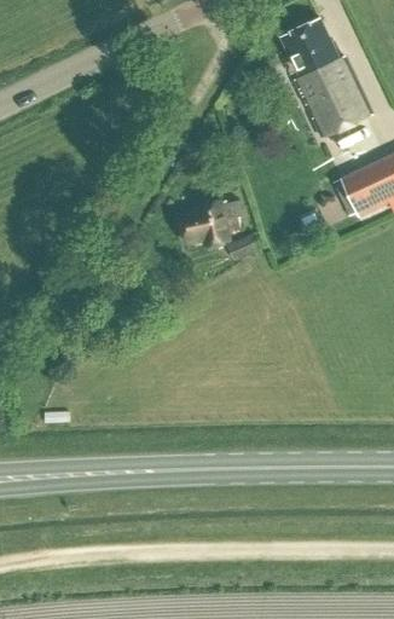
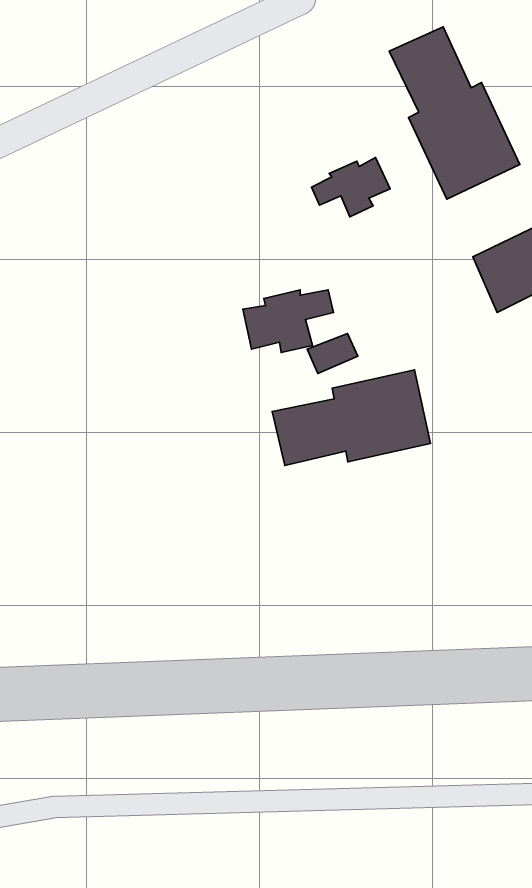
building: none -> [311,158,390,217]
building: none -> [272,370,430,465]

